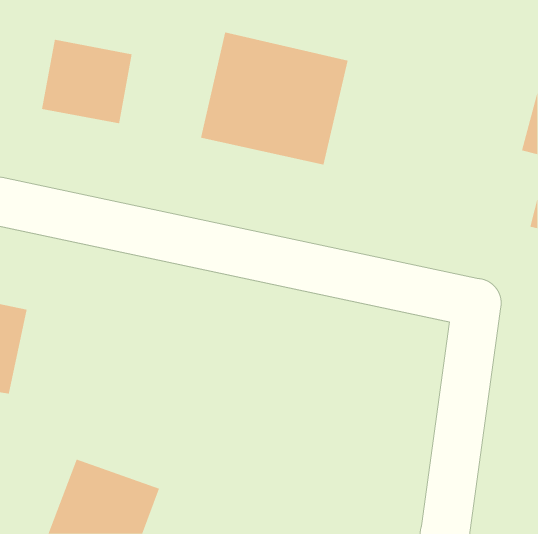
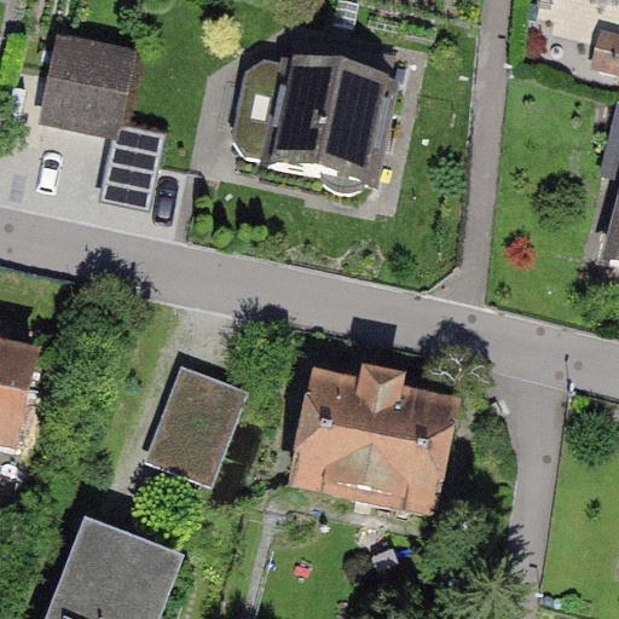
building: none -> [145,365,238,482]
building: none -> [295,380,450,515]

